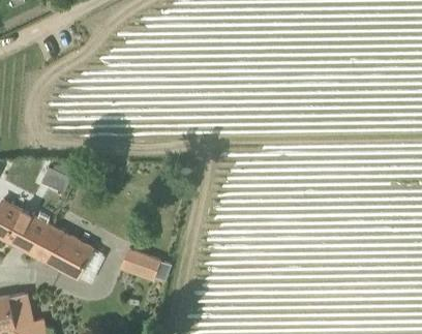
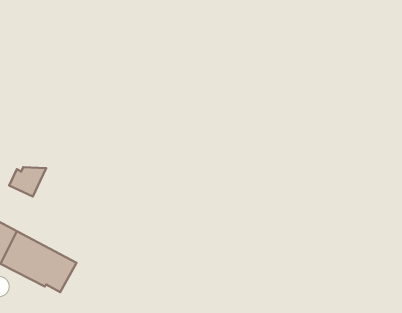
building: [121,248,172,281] -> none

